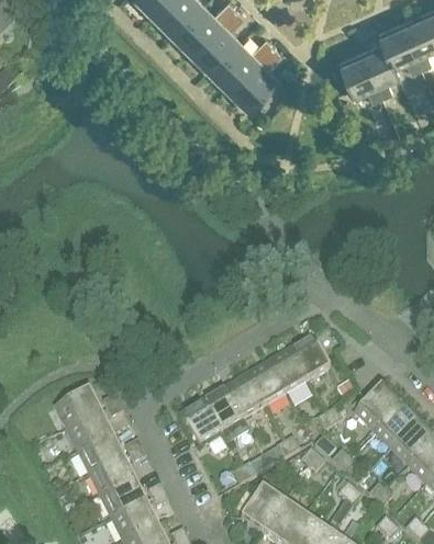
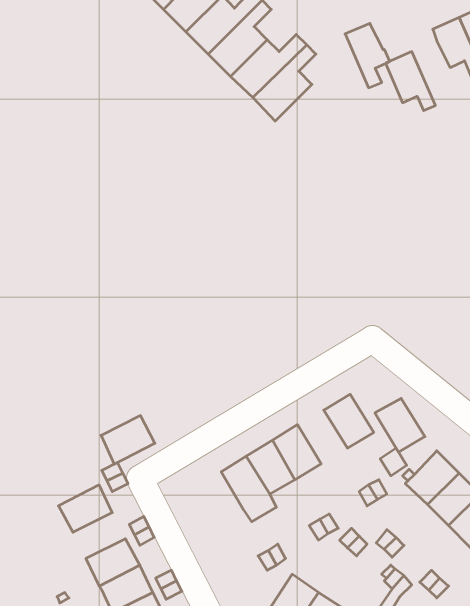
building: [361,42,399,95] -> [345,23,390,88]
building: [266,350,308,395] -> [375,398,425,452]
building: [55,389,100,430] -> [101,416,155,464]
building: [179,401,221,446] -> none
building: [78,435,122,474] -> none

